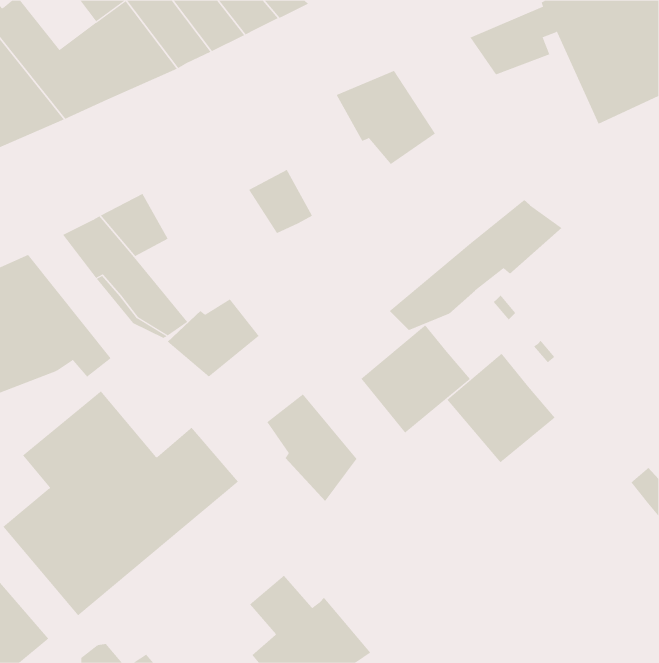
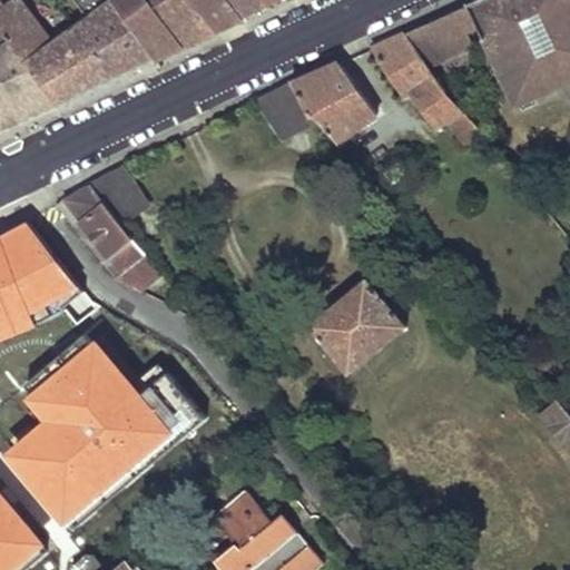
building: none -> [370,32,479,141]
building: [248,169,313,234] -> [255,81,311,137]
building: [389,199,563,331] -> none
building: [167,298,259,377] -> none
building: [446,353,556,463] -> none
building: [267,394,357,502] -> none

